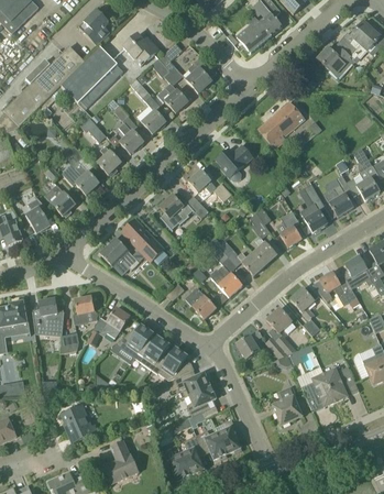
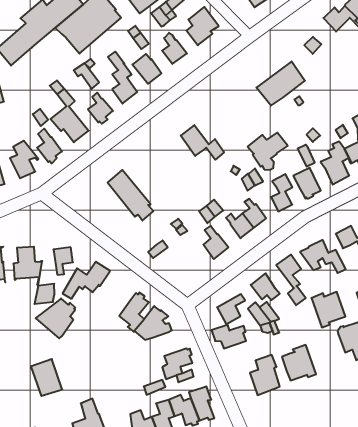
building: [215,144,253,180] -> [248,133,288,170]
building: [160,195,208,231] -> none
building: [99,237,139,270] -> none
building: [185,287,216,319] -> none
building: [116,322,153,361] -> [36,298,75,338]
building: [323,365,358,400] -> [311,292,345,327]
building: [175,371,209,394] -> [211,325,246,348]

